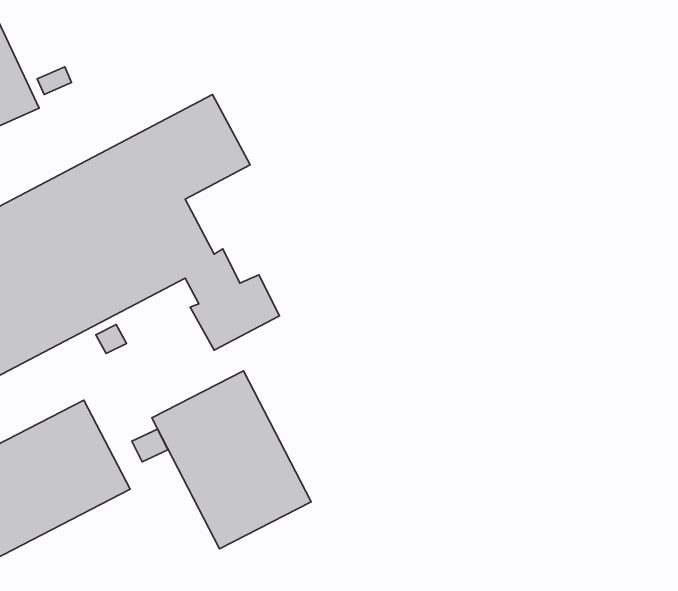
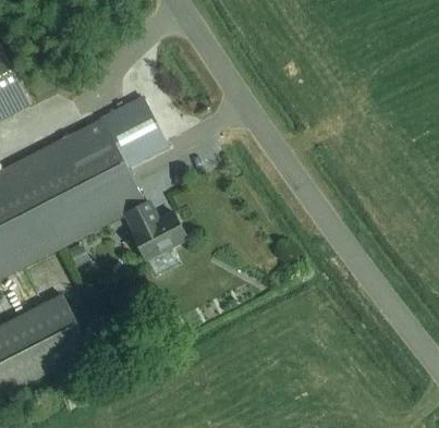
building: [152,371,311,549] -> none

